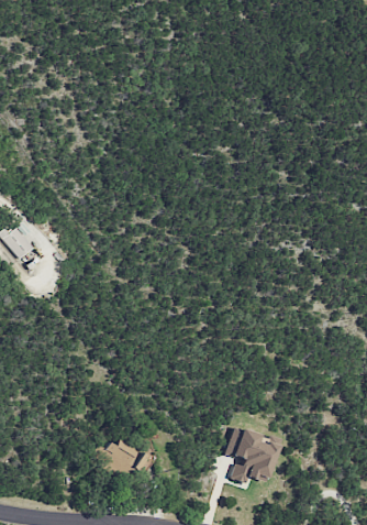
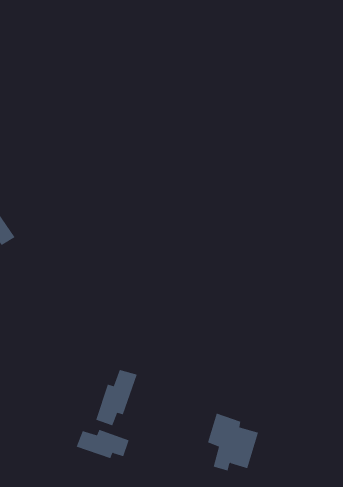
building: none -> [96,369,137,426]

